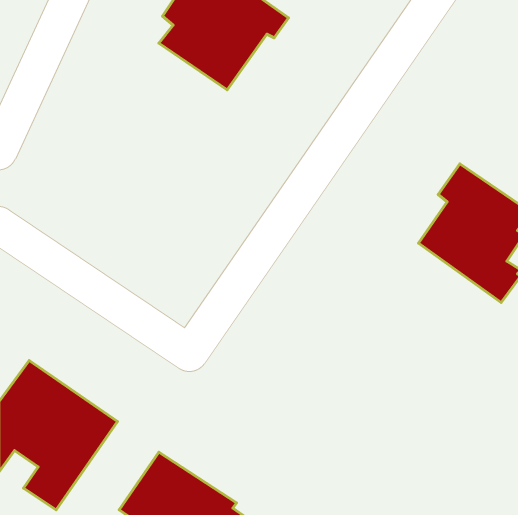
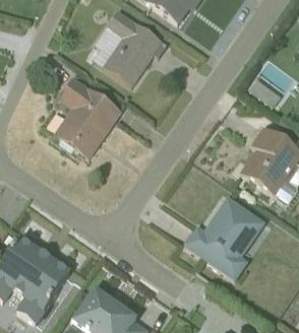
building: none -> [58,79,121,157]
building: none -> [187,199,264,278]

